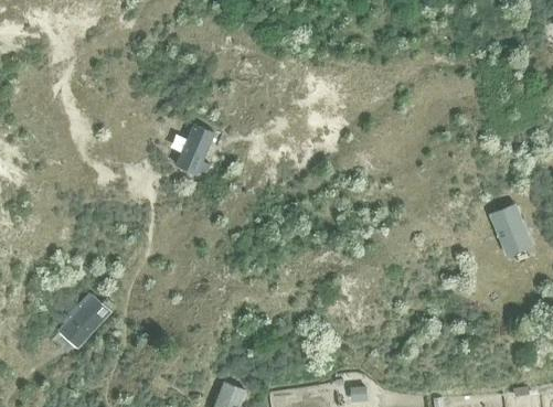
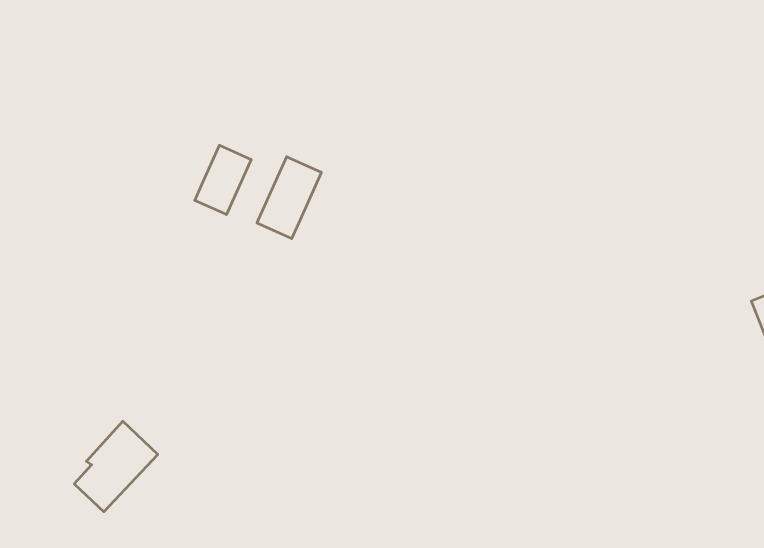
building: none -> [195,145,251,215]

